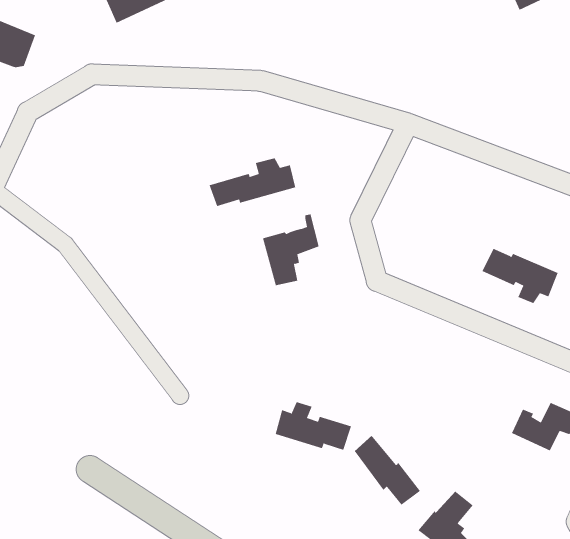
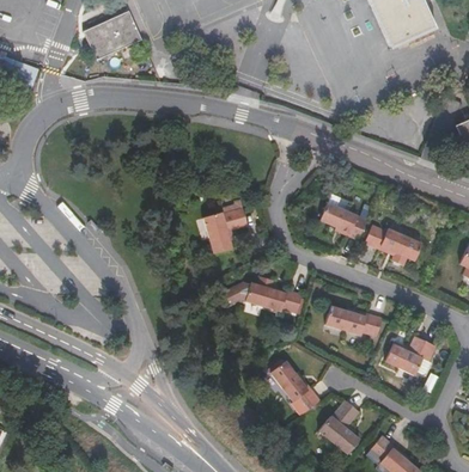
building: [209,158,296,207] -> none
building: none -> [321,201,366,238]
building: none -> [324,305,380,335]
building: [275,401,352,451] -> [244,276,300,312]

